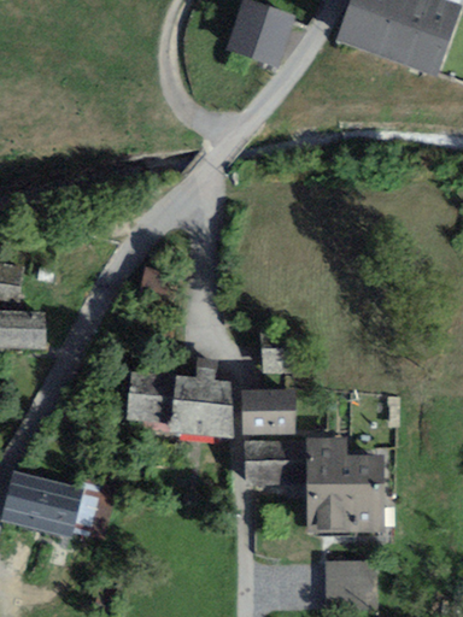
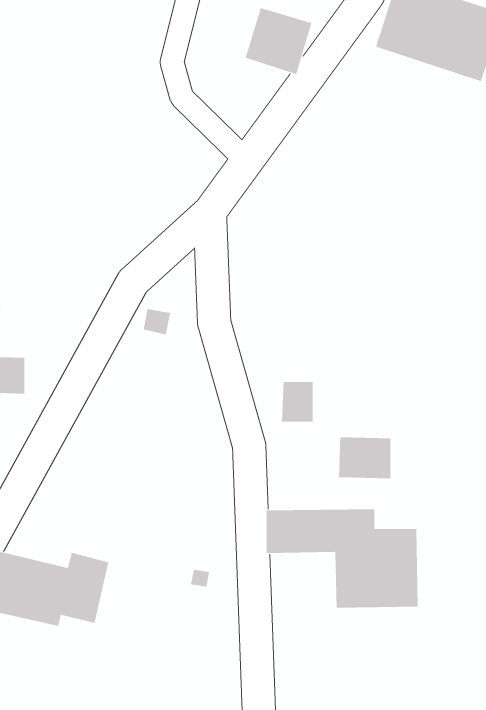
building: [131,360,225,429] -> none
building: [245,389,291,425] -> [338,437,391,479]
building: [328,560,370,603] -> none

